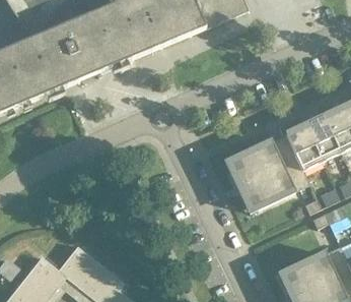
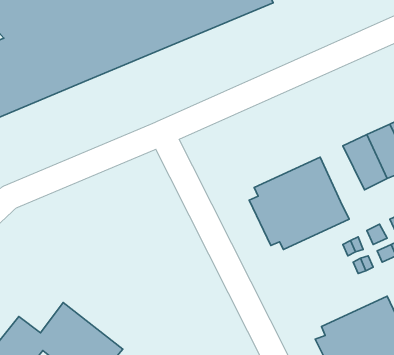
building: [286,123,322,168] -> none

